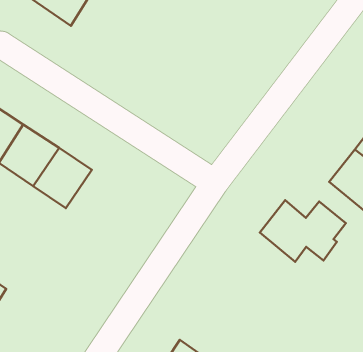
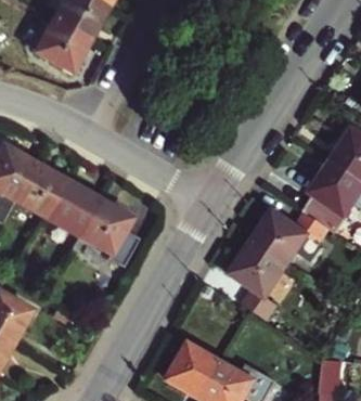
building: none -> [79,197,140,263]
building: none -> [232,242,287,319]

